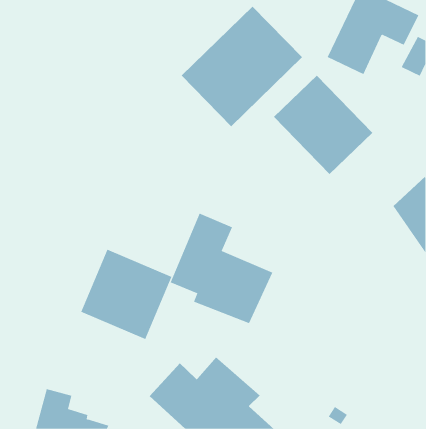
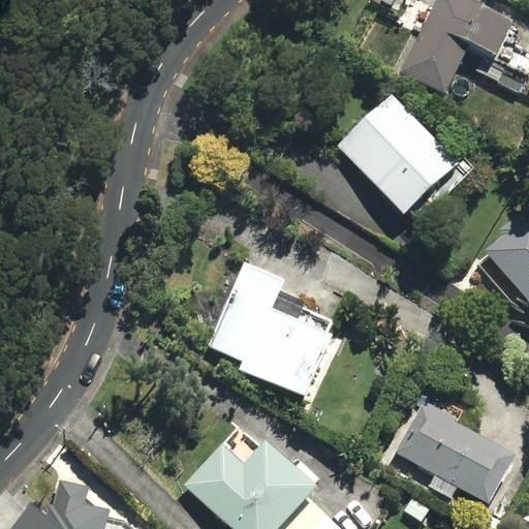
building: [181,6,303,127] -> none
building: [81,249,172,340] -> none
building: none -> [396,401,516,503]

